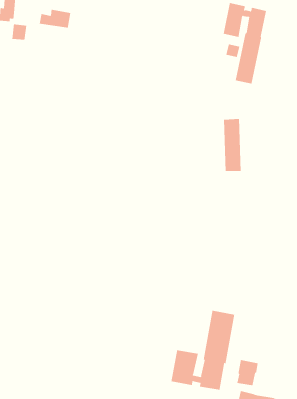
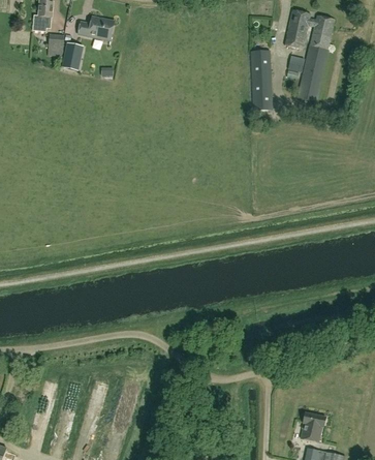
building: none -> [62,42,84,70]
building: [223,118,242,172] -> [251,50,272,110]
building: [171,310,235,391] -> none

